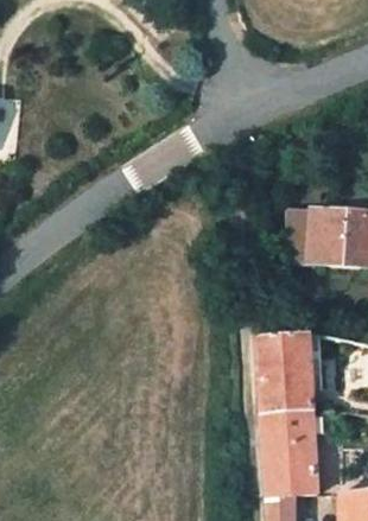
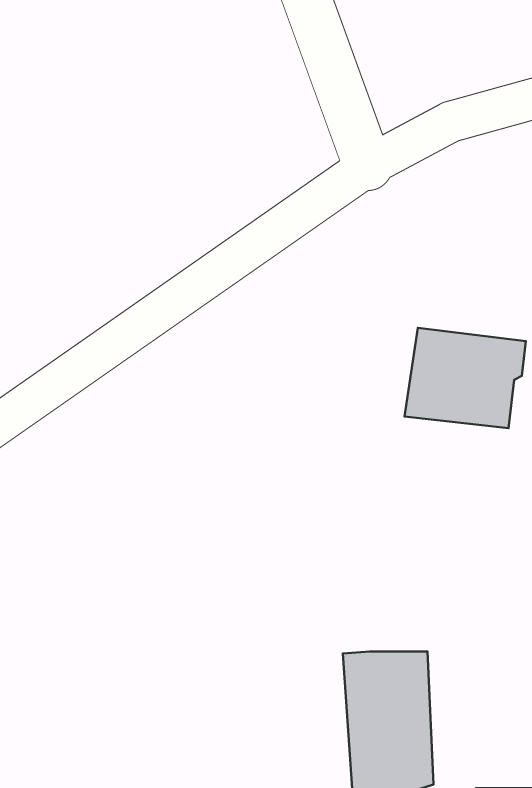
building: [242,313,302,407] -> none

